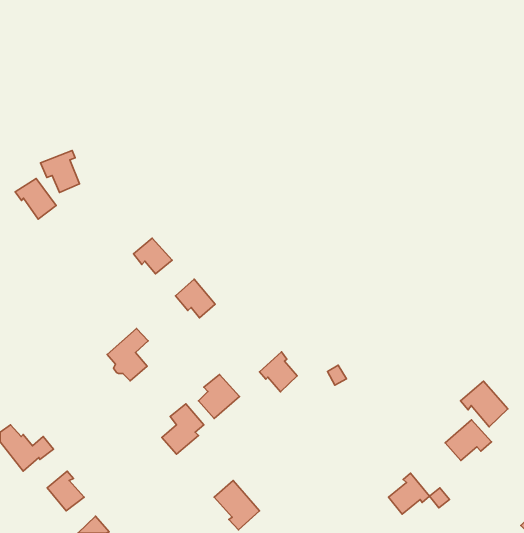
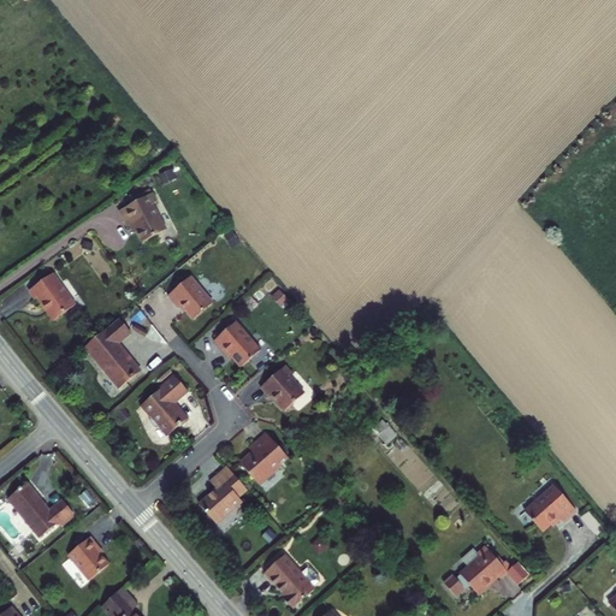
building: [41,150,79,192] -> [120,196,165,244]
building: [15,178,56,219] -> [29,272,76,319]
building: none -> [84,316,141,386]
building: [259,352,297,392] -> [262,361,306,407]
building: [460,381,508,427] -> none

